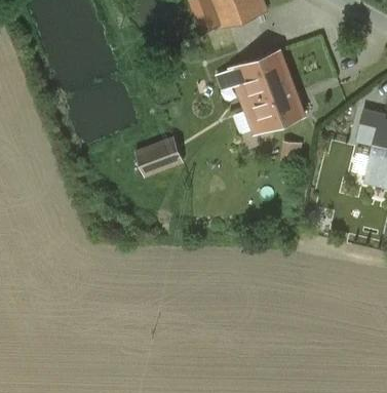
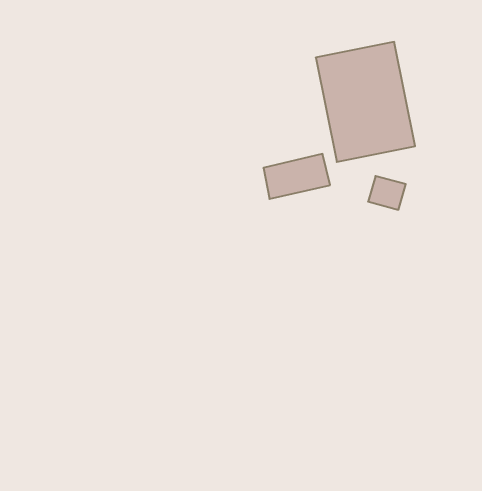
building: [138,139,183,173] -> [263,154,330,199]

